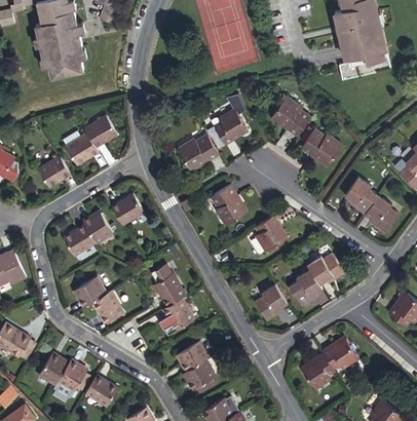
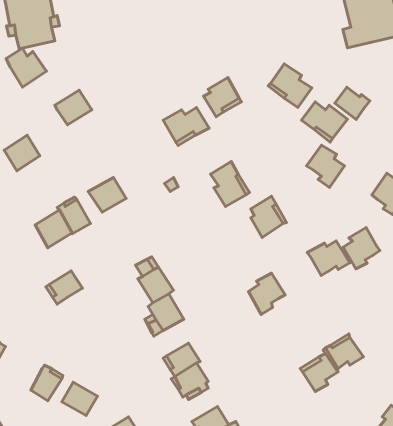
building: none -> [335,87,370,120]
building: [60,132,96,167] -> [6,48,47,87]
building: [343,174,377,212] -> [307,145,345,188]
building: [289,267,321,304] -> [343,228,380,269]
building: [92,293,124,326] -> none
building: [40,356,70,389] -> none

